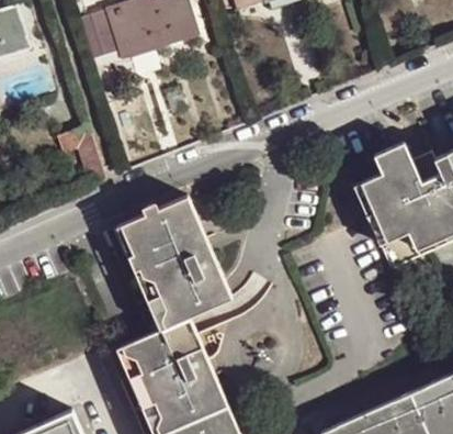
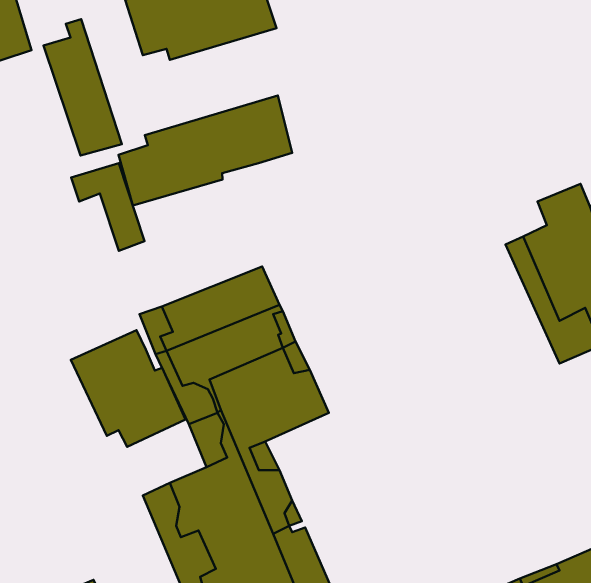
building: none -> [43,19,122,156]
building: none -> [119,96,292,206]
building: none -> [71,330,186,447]

